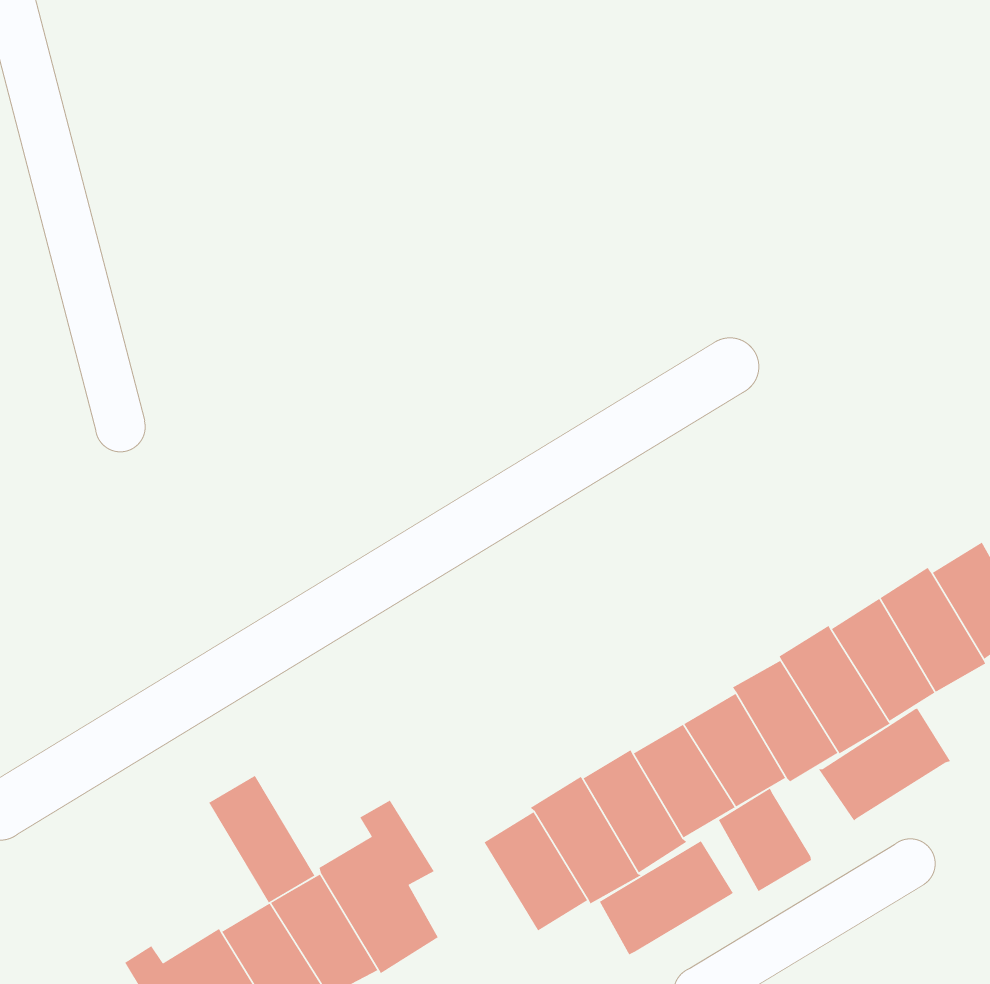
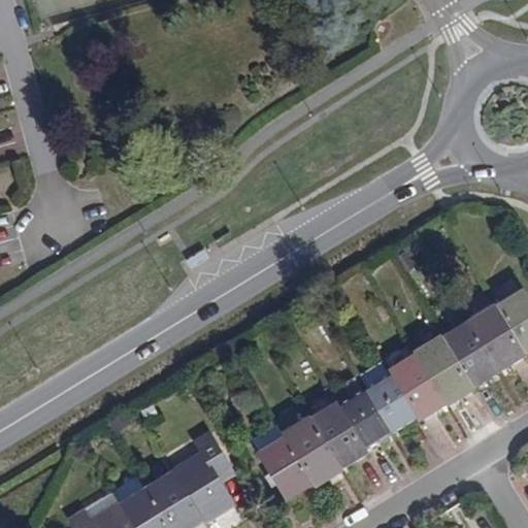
building: [818,708,951,822] -> none
building: [208,775,315,903] -> none
building: [718,788,812,892] -> none
building: [599,840,734,956] -> none

